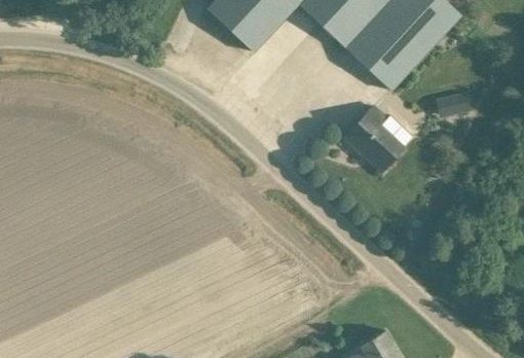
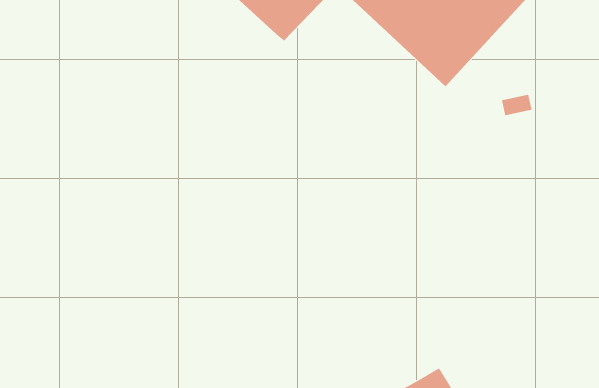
building: [345,106,413,172] -> none

